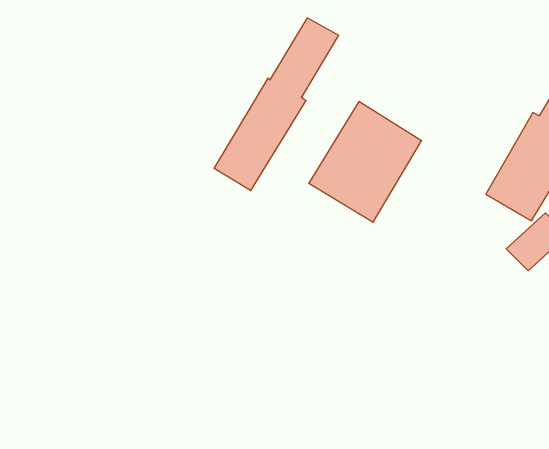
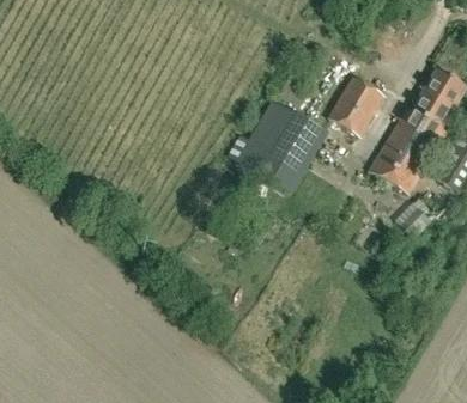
building: [214,18,339,191] -> none
building: none -> [328,74,384,134]

